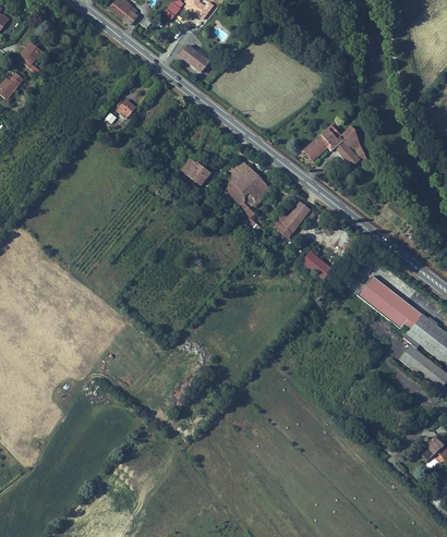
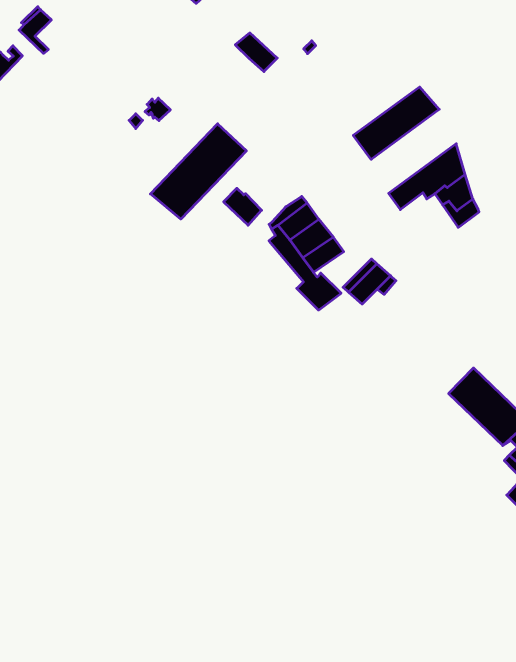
building: none -> [353,87,439,159]
building: none -> [150,124,246,219]
building: [300,249,331,279] -> none

